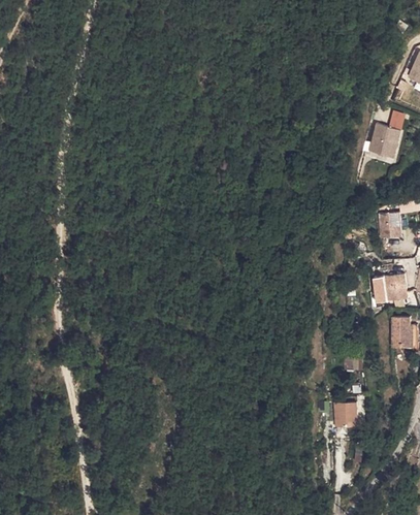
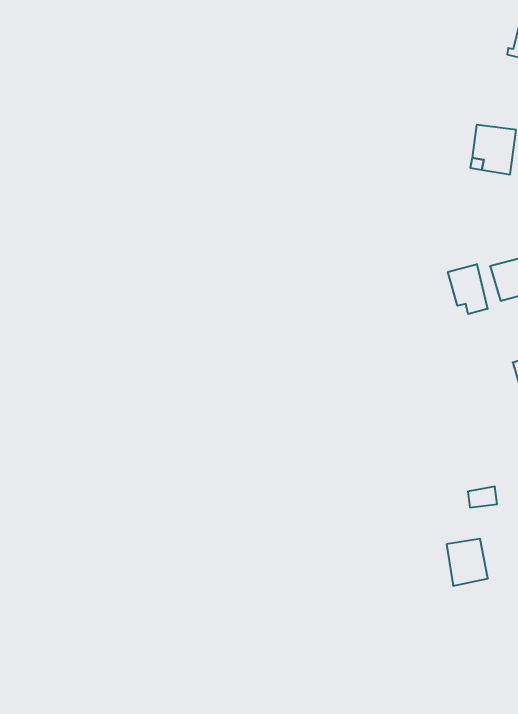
building: none -> [448,264,488,314]

